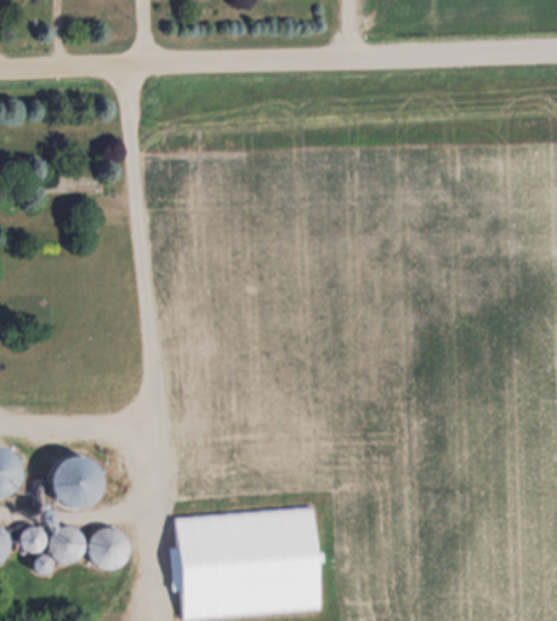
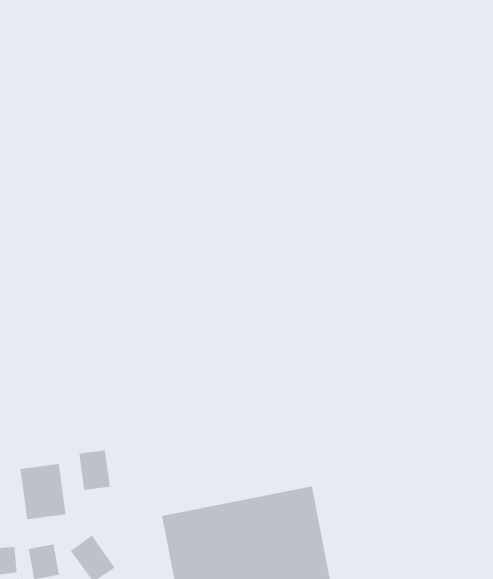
building: none -> [78,450,111,491]

